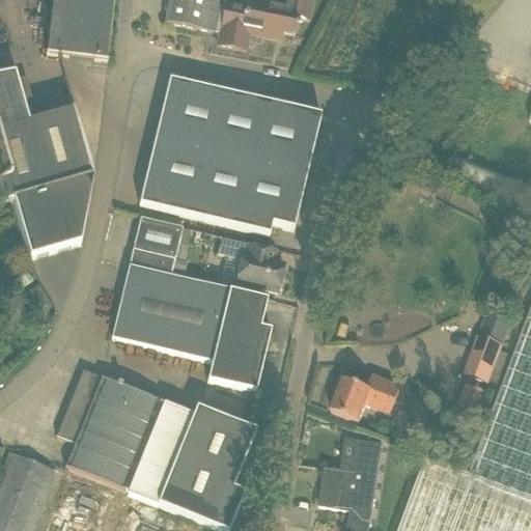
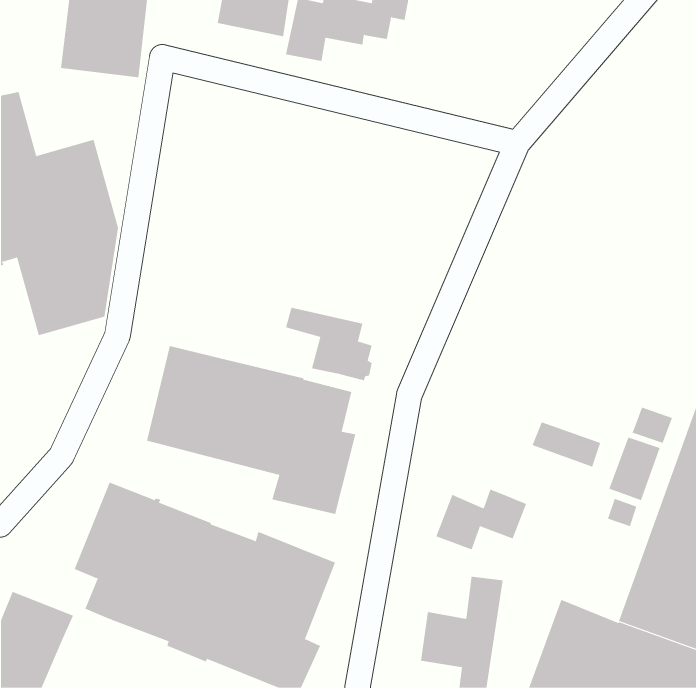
building: [140,76,322,232] -> none
building: [130,214,184,273] -> none
building: none -> [532,421,601,467]

